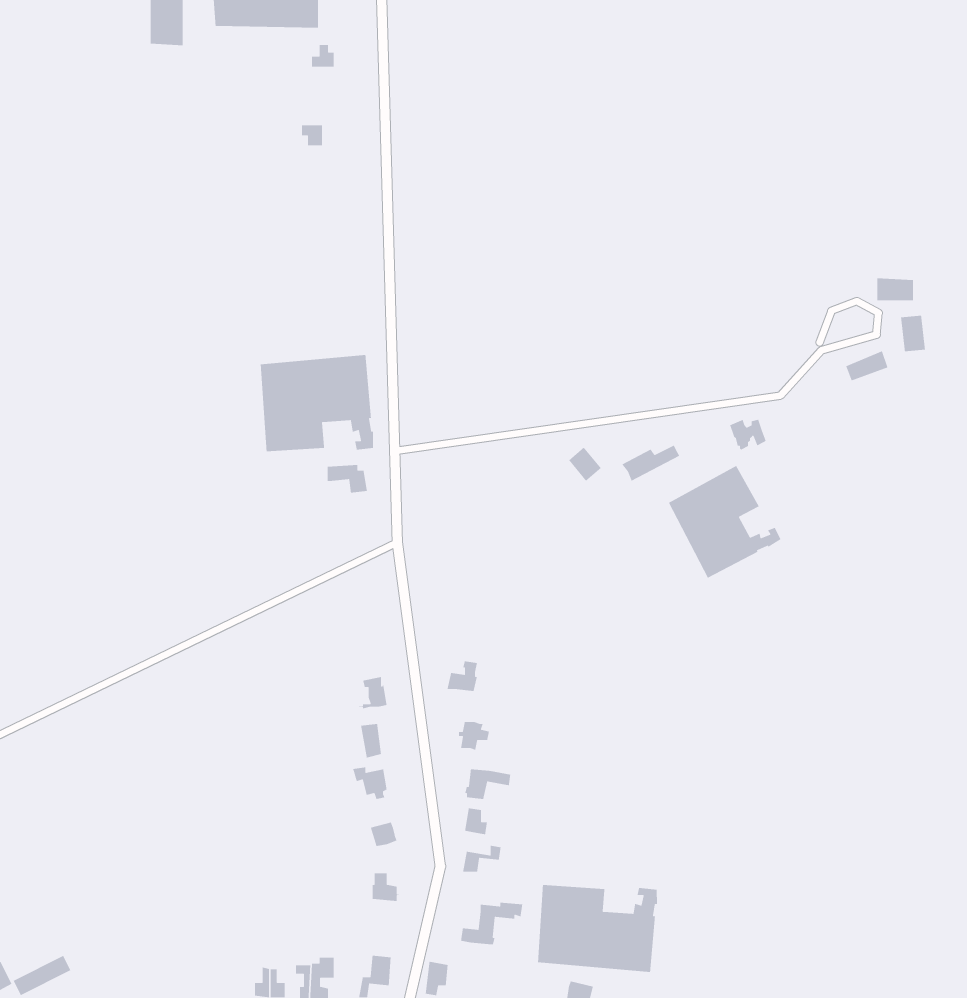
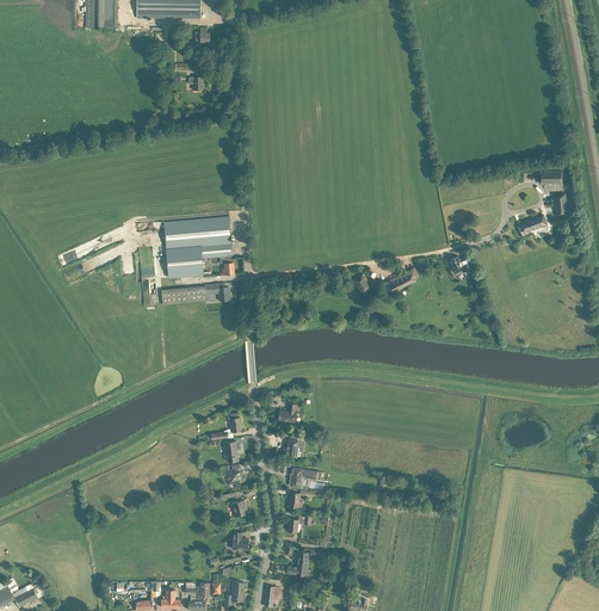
building: [668,465,782,579] -> none
building: [537,884,658,973] -> none

